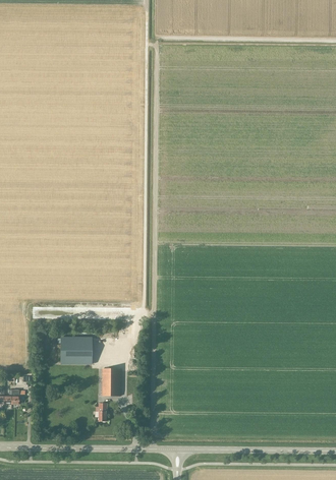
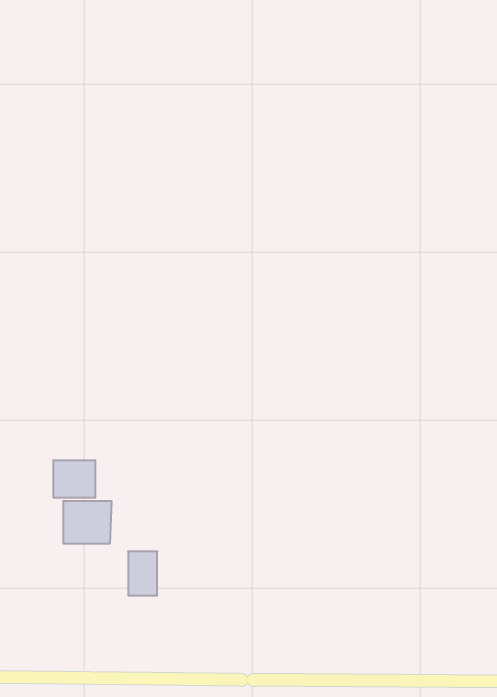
building: none -> [53,460,95,498]

